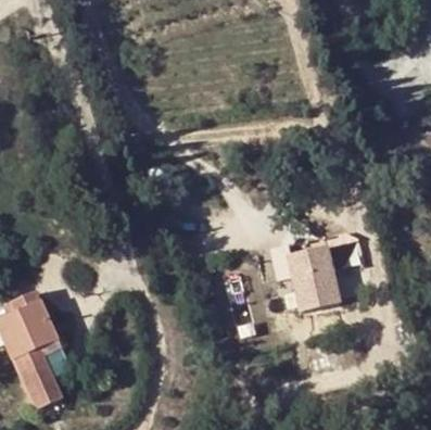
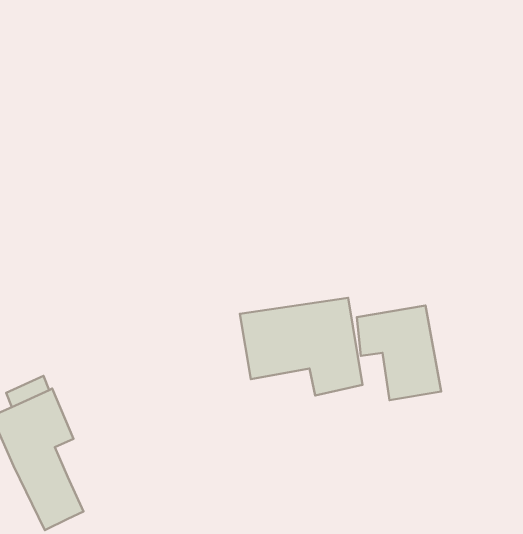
building: none -> [240,298,363,395]

